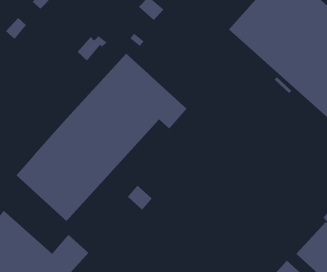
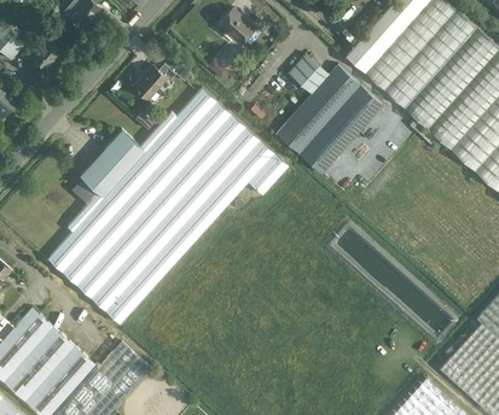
building: none -> [275,54,383,176]
building: none -> [68,113,176,233]
building: [127,185,152,210] -> none

